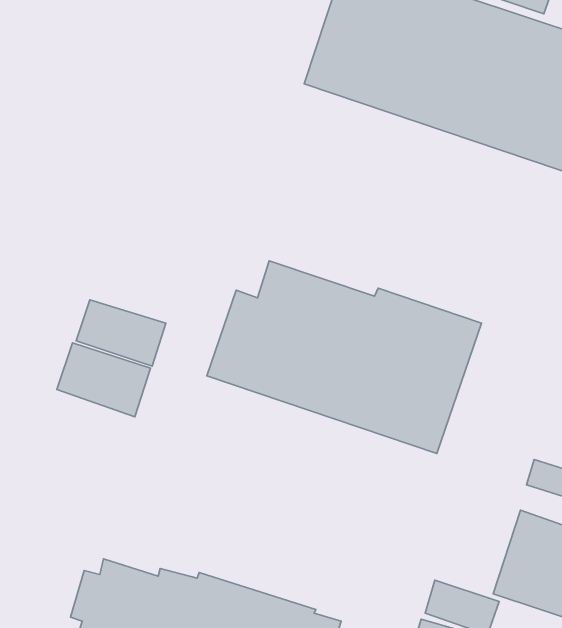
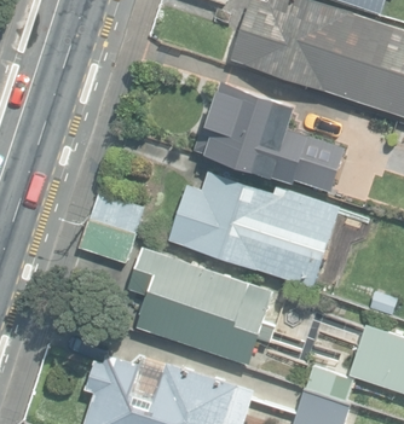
building: none -> [192,82,341,194]
building: none -> [126,248,275,366]

